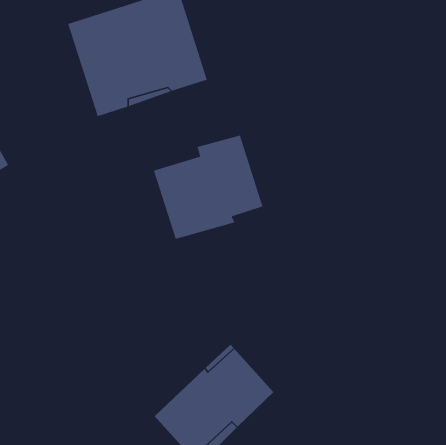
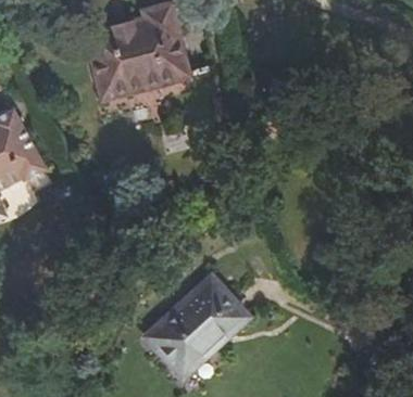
building: [153,135,263,240] -> none

